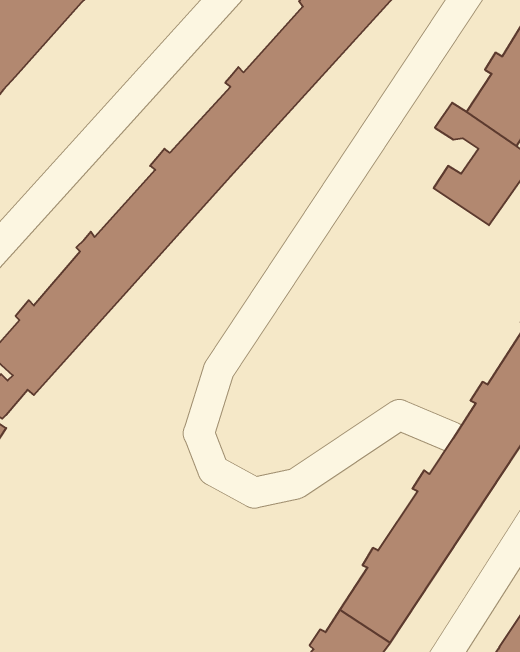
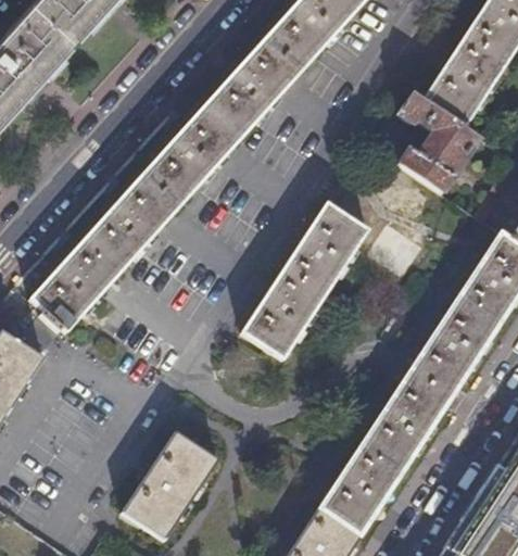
building: none -> [241,202,367,359]
building: none -> [124,431,218,539]

